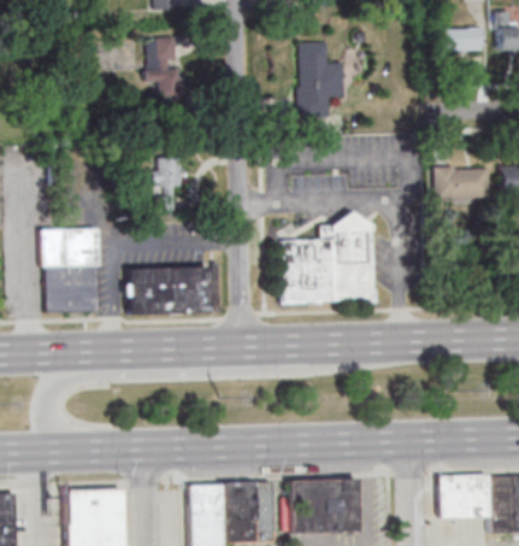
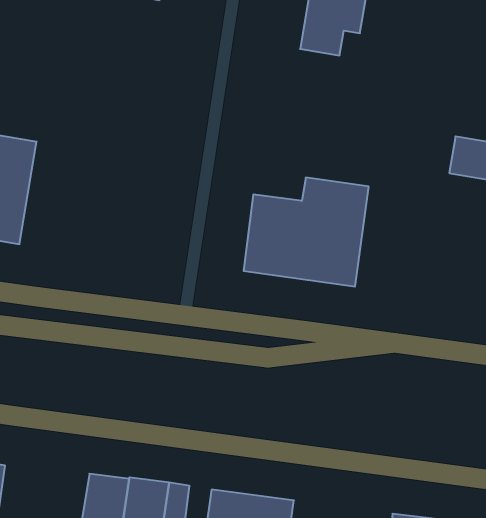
building: [155,157,183,209] -> none
building: [126,266,208,315] -> none

